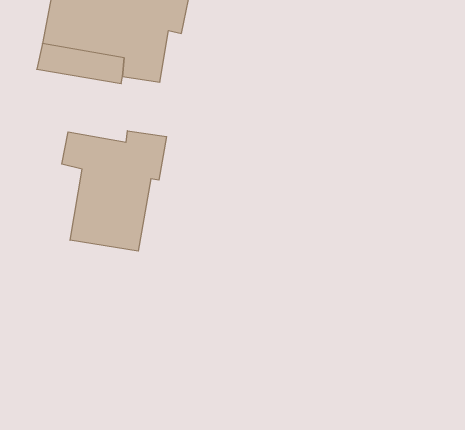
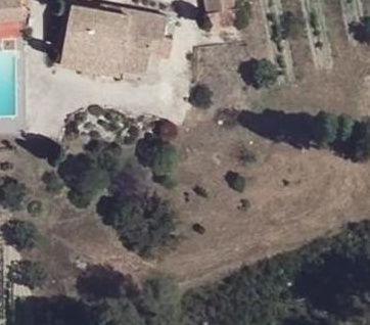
building: [62,131,167,251] -> none

